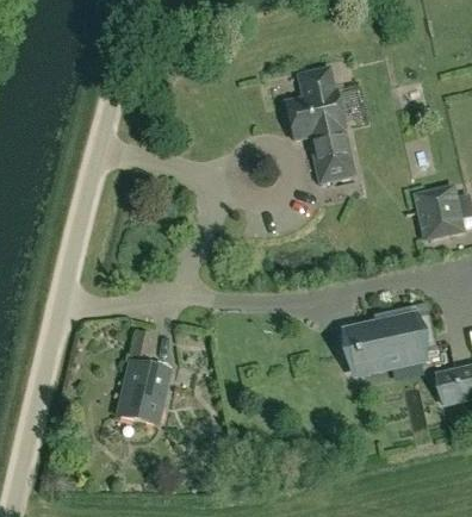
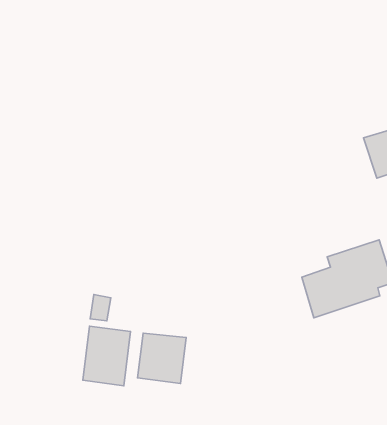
building: [285,67,353,181] -> none
building: none -> [137,333,186,383]

